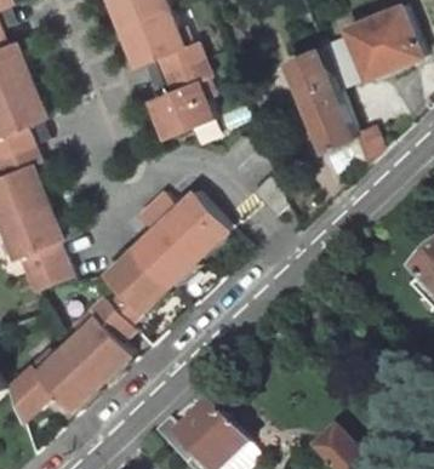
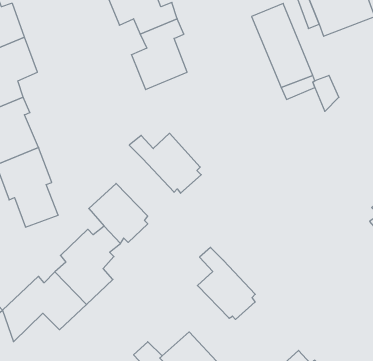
building: [135,201,199,281] -> [197,247,255,319]

